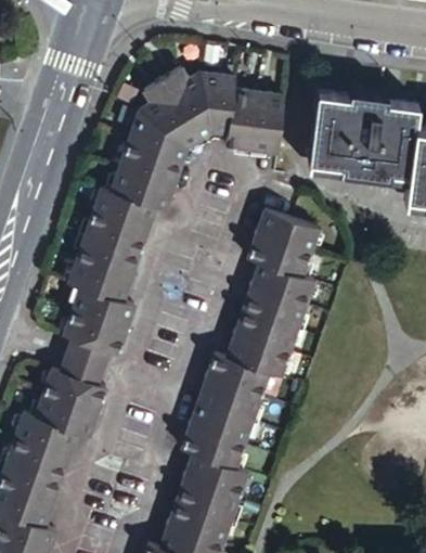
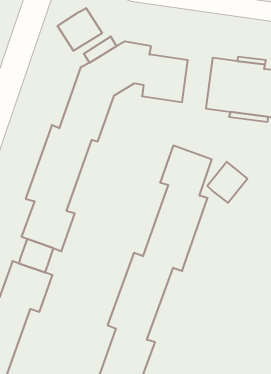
building: none -> [58,8,102,51]
building: none -> [207,162,247,203]

